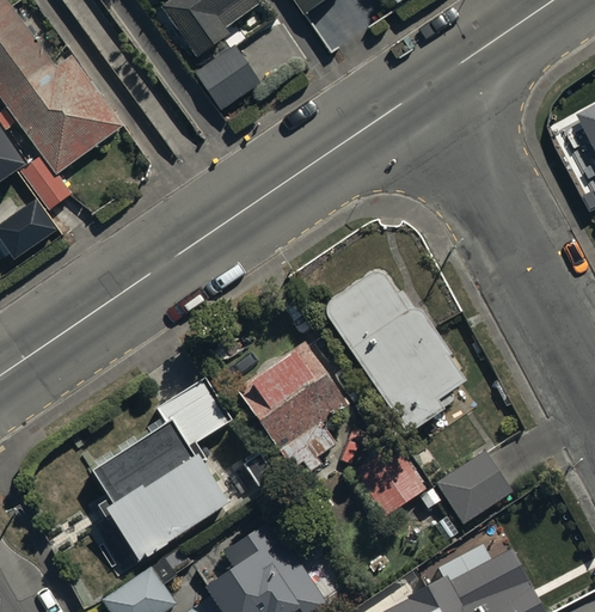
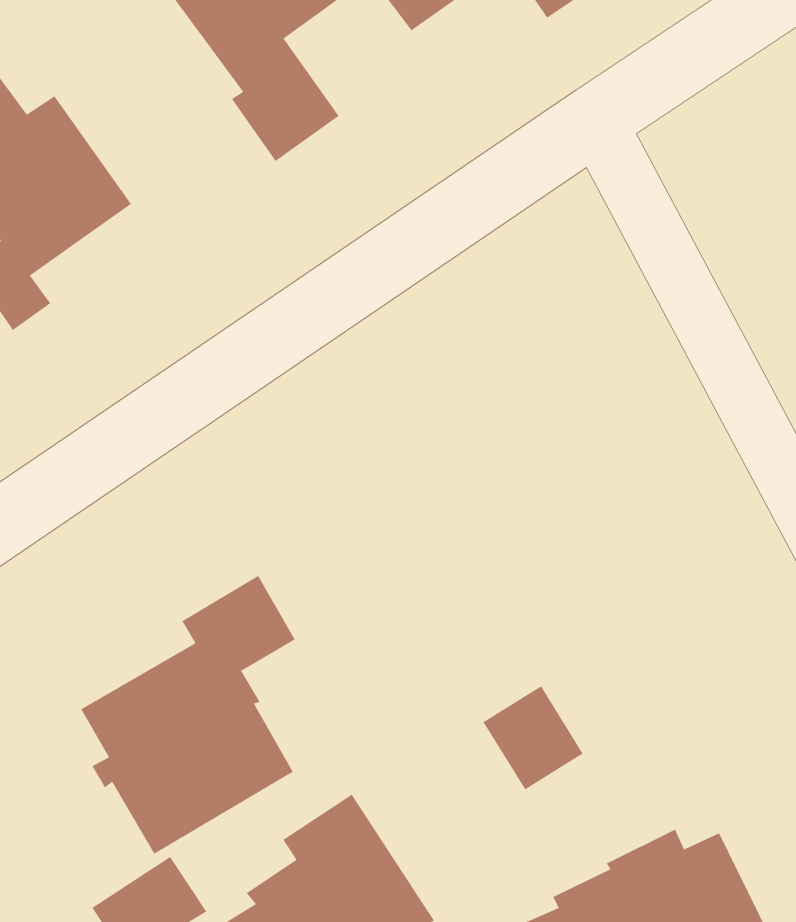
building: [324,271,464,434] -> none
building: [238,339,350,469] -> none
building: [434,447,510,519] -> none

